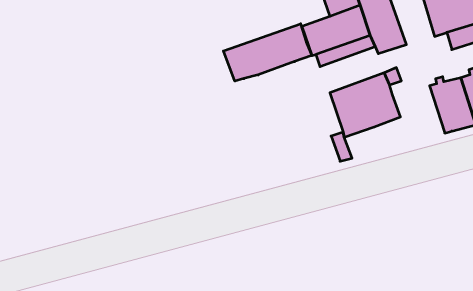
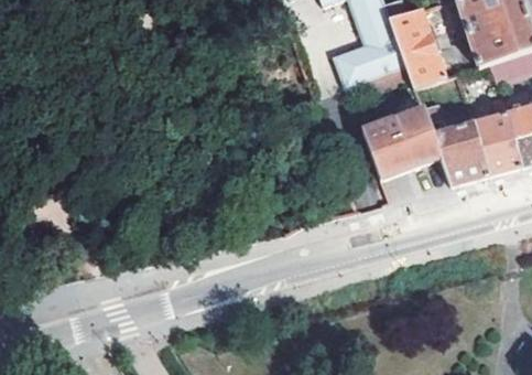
building: [223,24,312,81] -> none
building: none -> [431,122,488,185]

